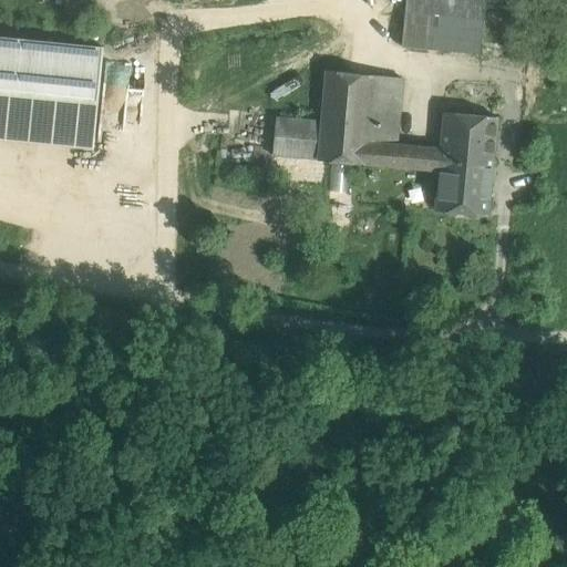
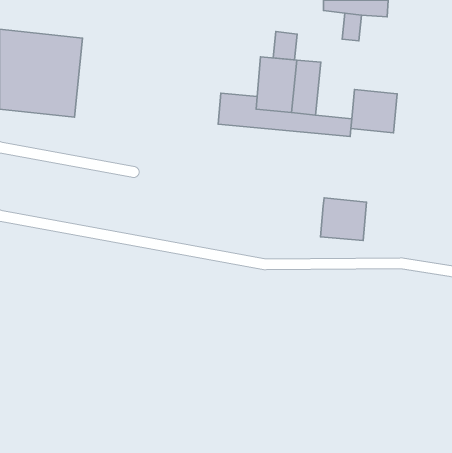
building: [401,13,431,49] -> [273,31,297,60]
building: [449,19,484,54] -> none
building: [434,161,492,214] -> [320,198,367,240]

